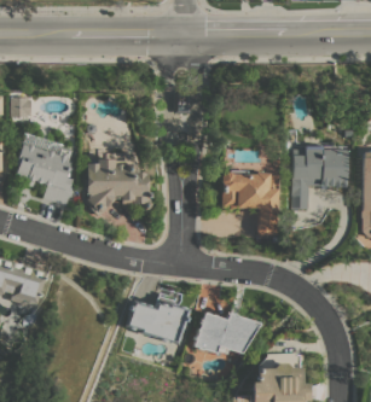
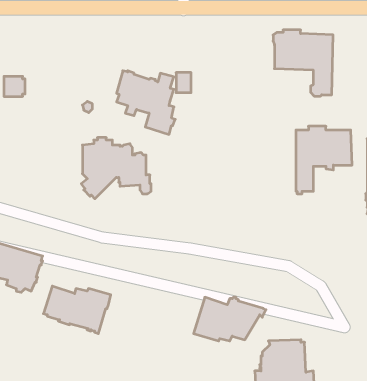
building: [16,144,73,205] -> [117,71,175,134]
building: [221,170,279,234] -> [273,30,333,96]
building: [126,299,191,345] -> [43,286,111,334]

